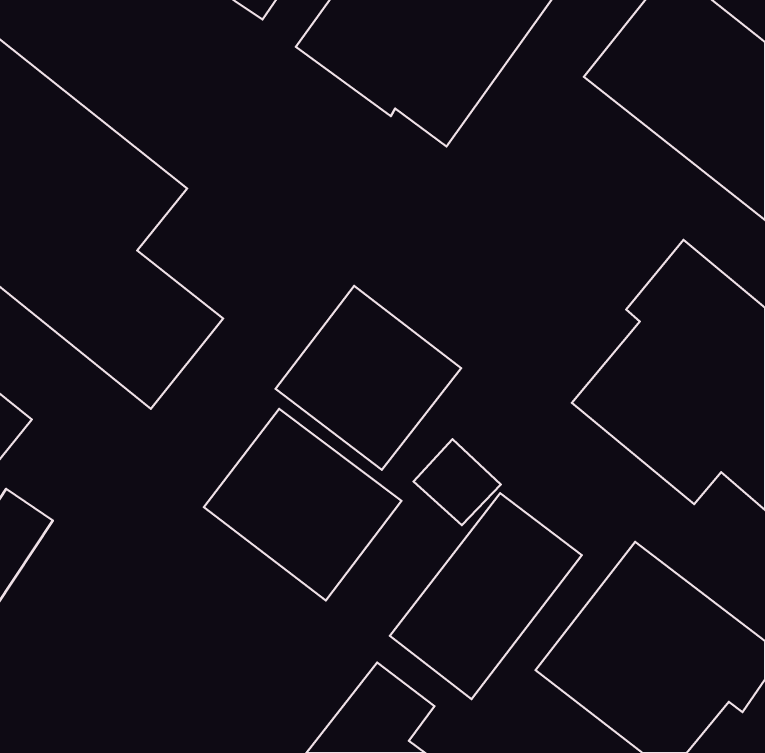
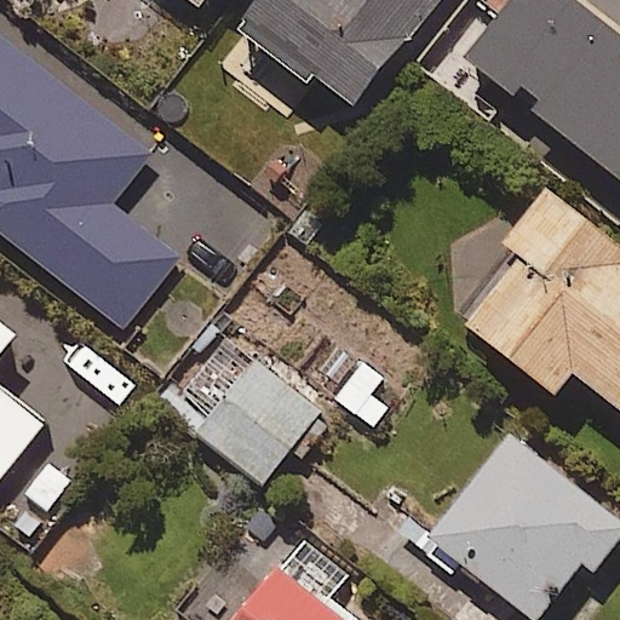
building: [275,286,461,470] -> none
building: [390,493,582,699] -> none

